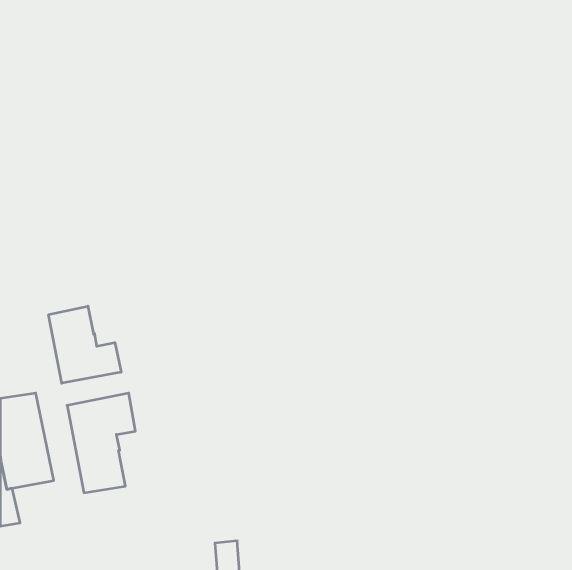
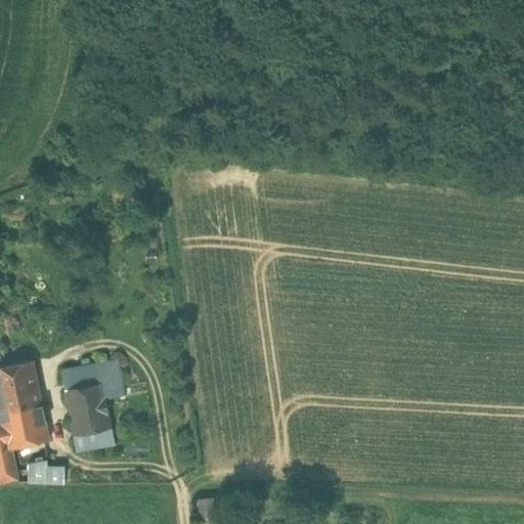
building: [49,306,121,383] -> none
building: none -> [28,461,66,485]

